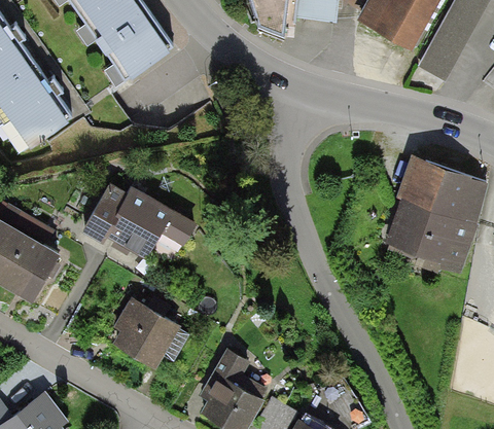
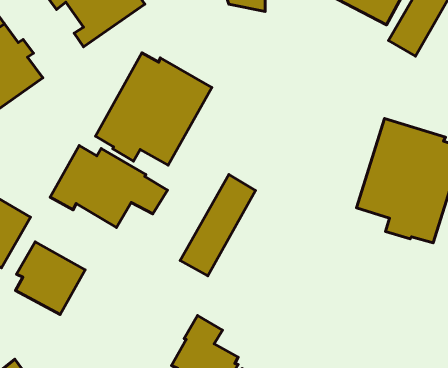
building: none -> [95,53,212,165]
building: none -> [180,174,256,276]
building: [112,295,181,367] -> [16,242,85,315]

